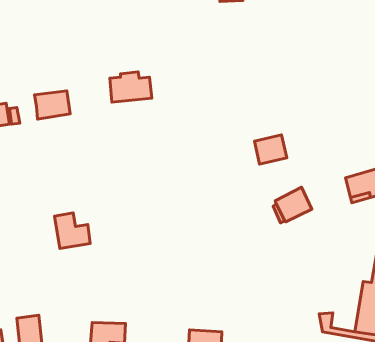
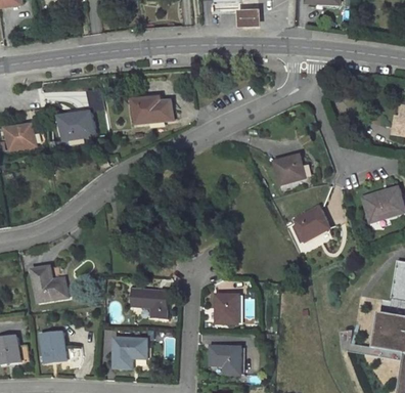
building: [54,213,90,249] -> [32,267,66,302]
building: none -> [130,289,168,319]
building: none -> [215,295,238,323]

